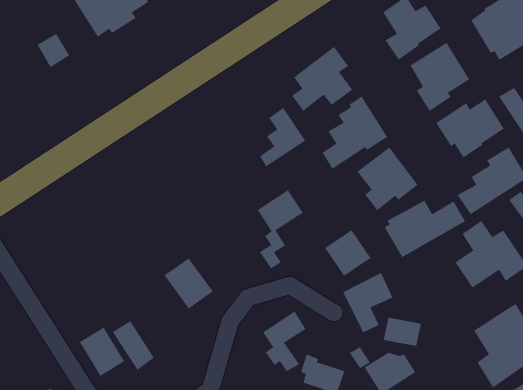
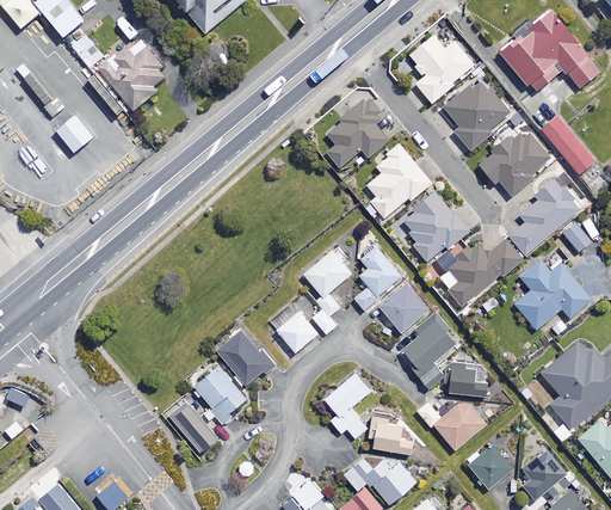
building: [259,107,306,167] -> [354,244,401,308]
building: none -> [277,302,317,352]
building: [79,326,125,377] -> [196,365,246,418]

